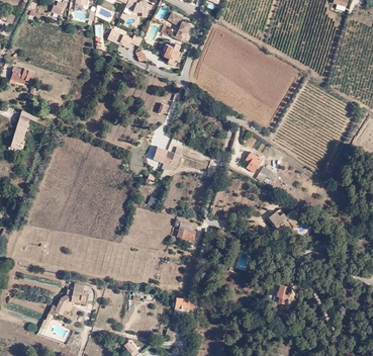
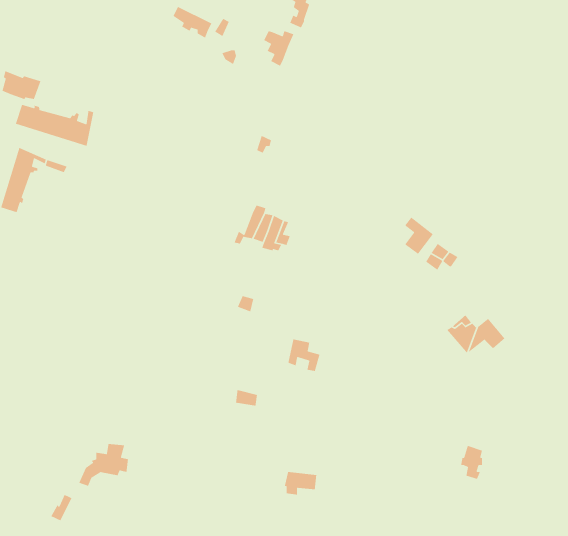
building: none -> [15,104,94,147]

